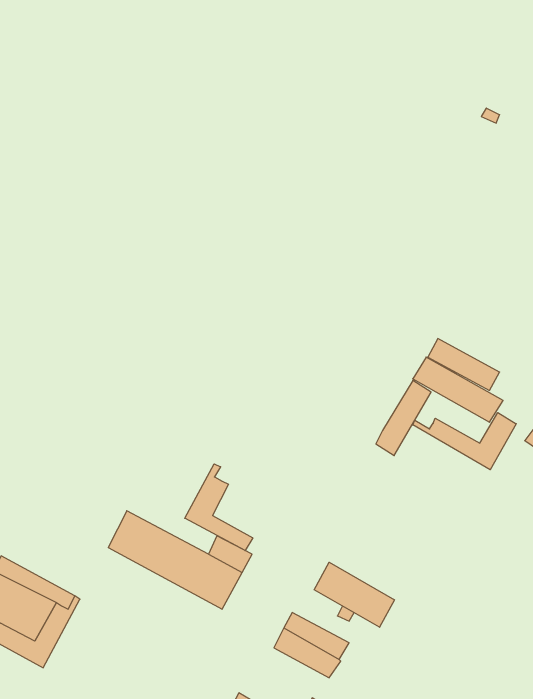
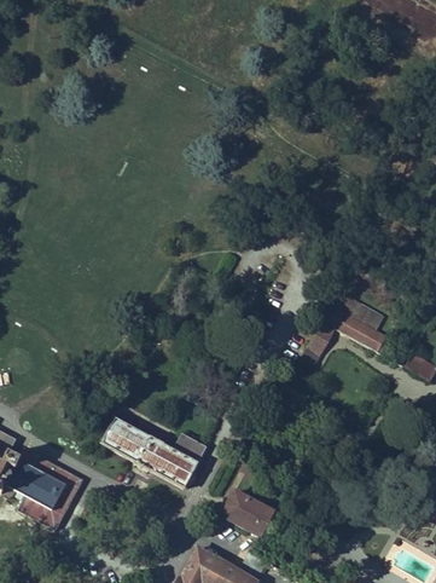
building: [413,413,516,470] -> none
building: [185,464,253,551] -> none
building: [314,562,394,627] -> none

